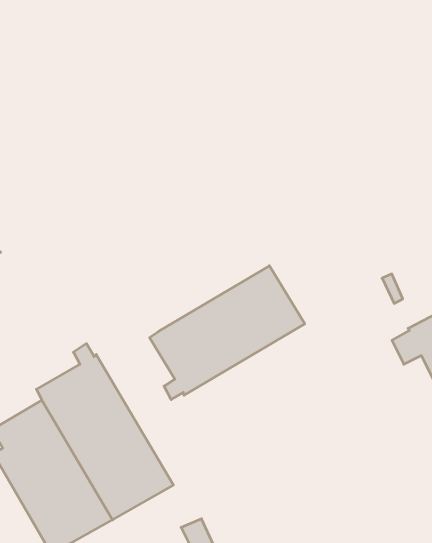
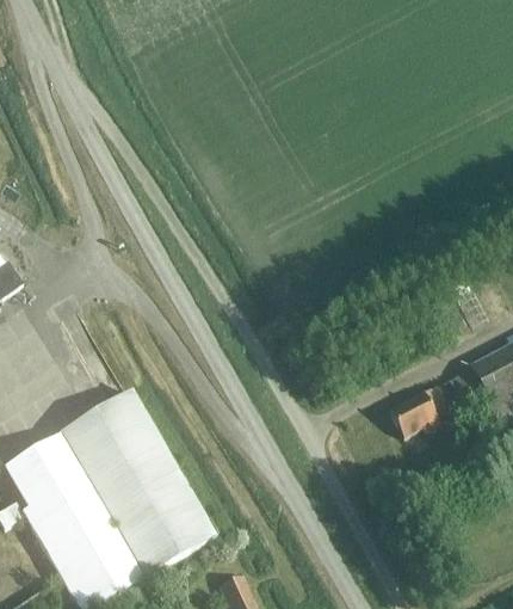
building: [150,266,305,400] -> none
building: none -> [393,382,452,432]

